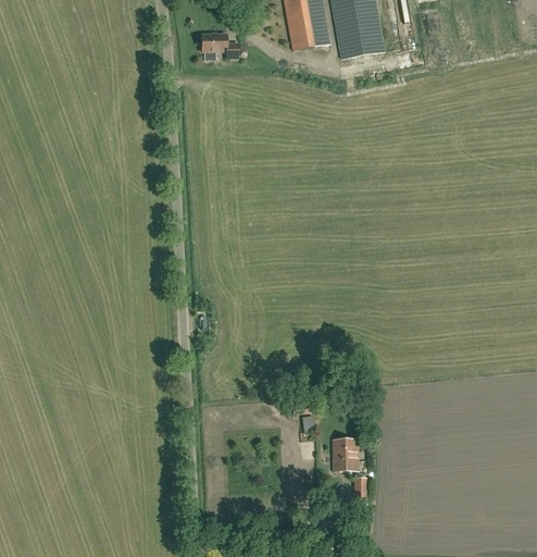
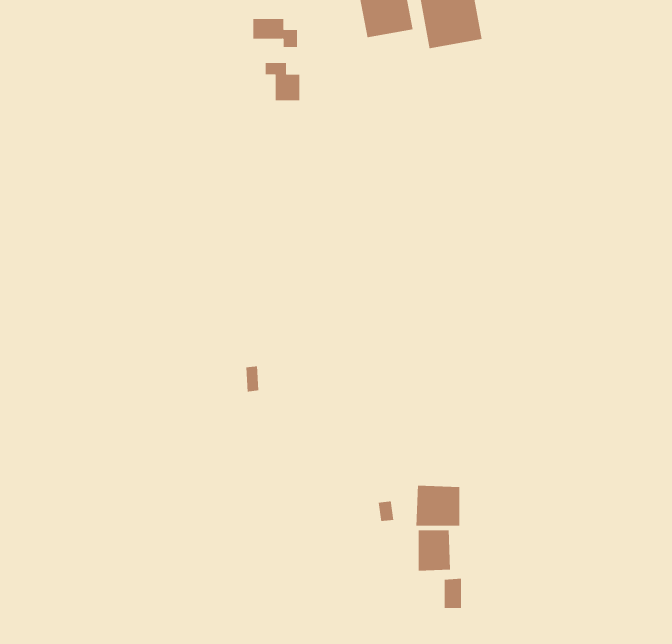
building: none -> [265,62,300,101]
building: none -> [416,485,460,526]

